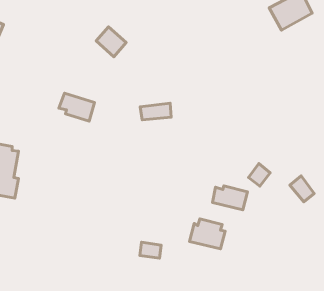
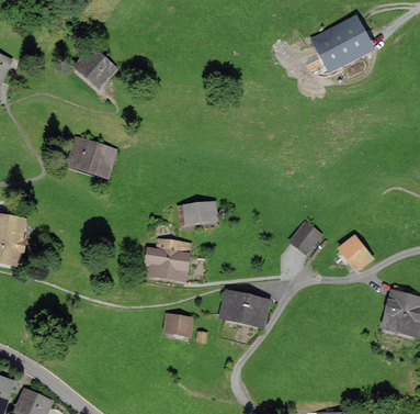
building: [96,27,126,57] -> [79,51,114,86]
building: [140,103,171,120] -> [180,203,216,223]
building: none -> [147,242,188,278]
building: [213,186,248,210] -> none

